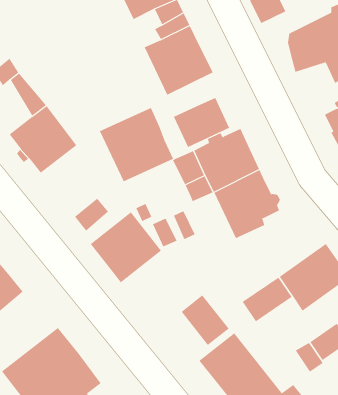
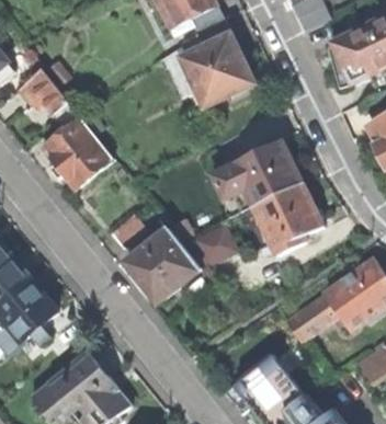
building: [173,97,230,148] -> none
building: [99,107,174,182] -> none
building: [181,295,229,346] -> none

